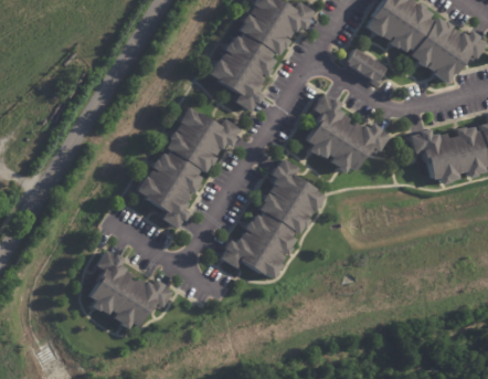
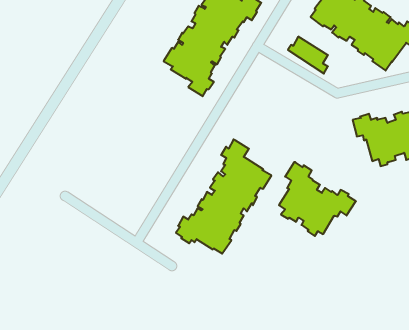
building: [306,93,389,172] -> [279,162,356,236]
building: [135,106,240,228] -> none
building: [88,250,171,329] -> none

